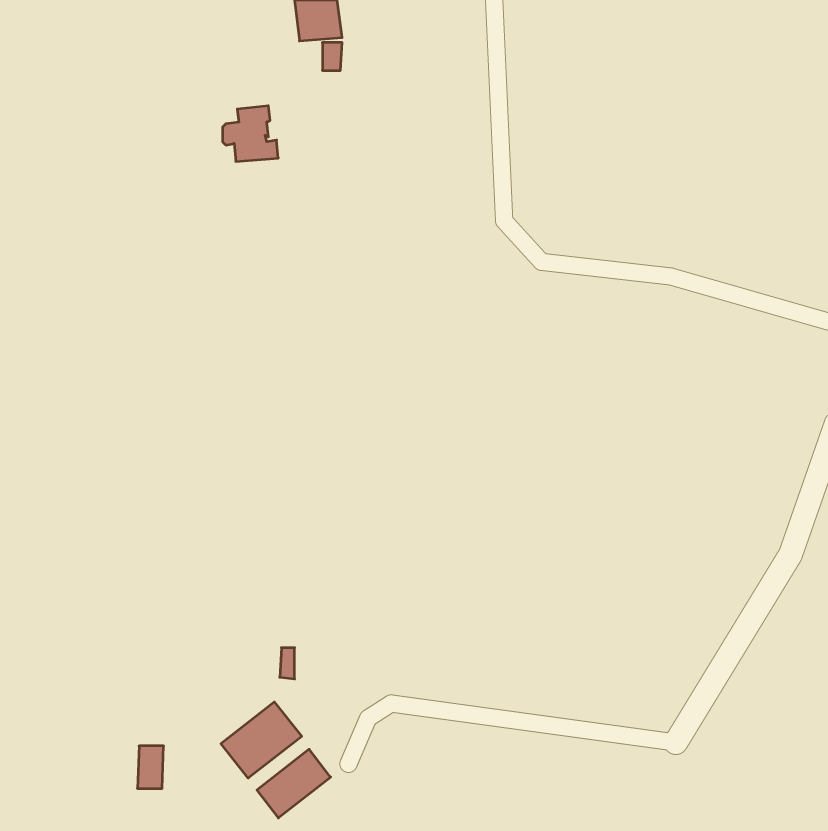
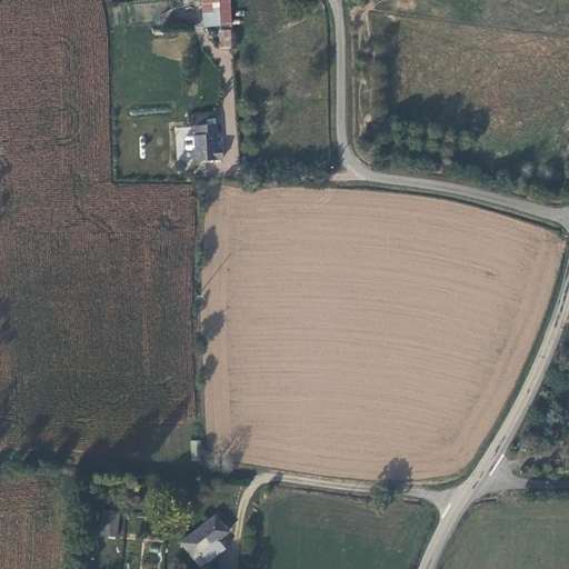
building: [223,106,278,161] -> [184,120,222,158]
building: [221,702,302,778] -> none

